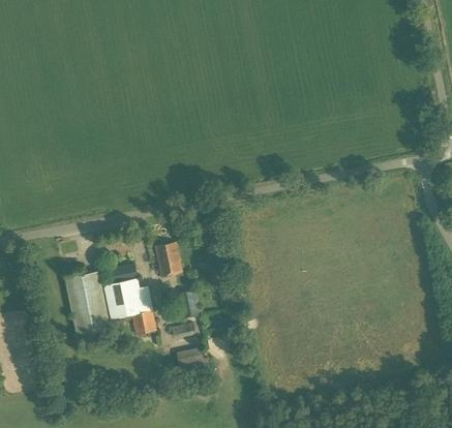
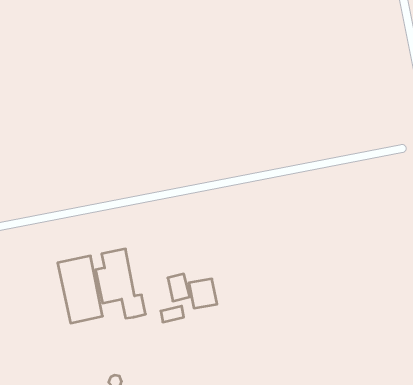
building: [156,242,182,275] -> none
building: [177,347,206,377] -> [189,279,217,308]

